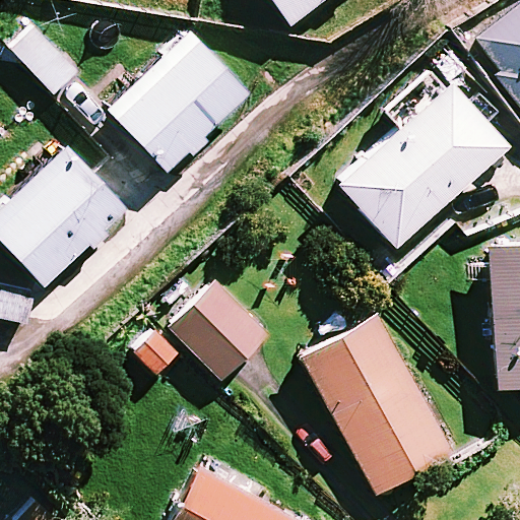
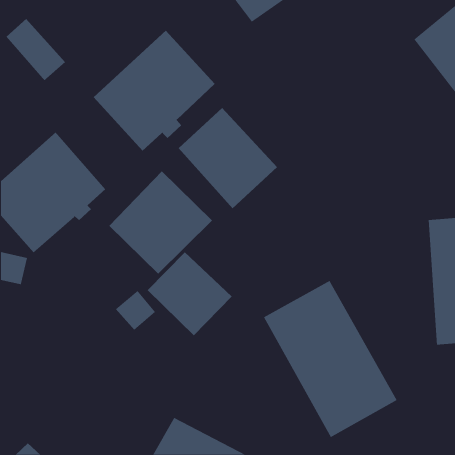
building: [337,75,503,248] -> none
building: none -> [178,107,278,209]
building: none -> [108,171,213,274]

